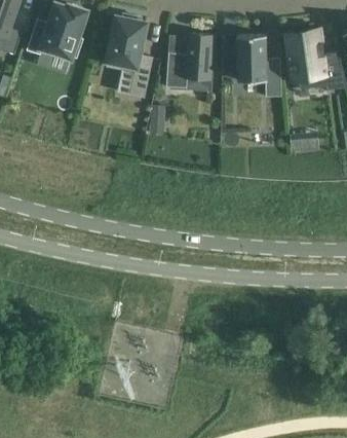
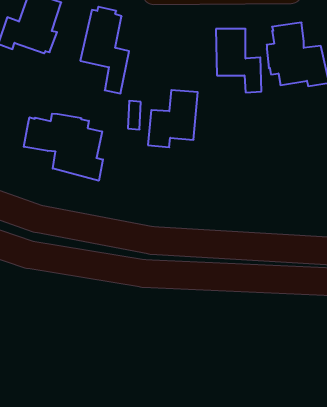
building: [166,33,215,88] -> [148,90,198,147]
building: none -> [24,114,103,181]

